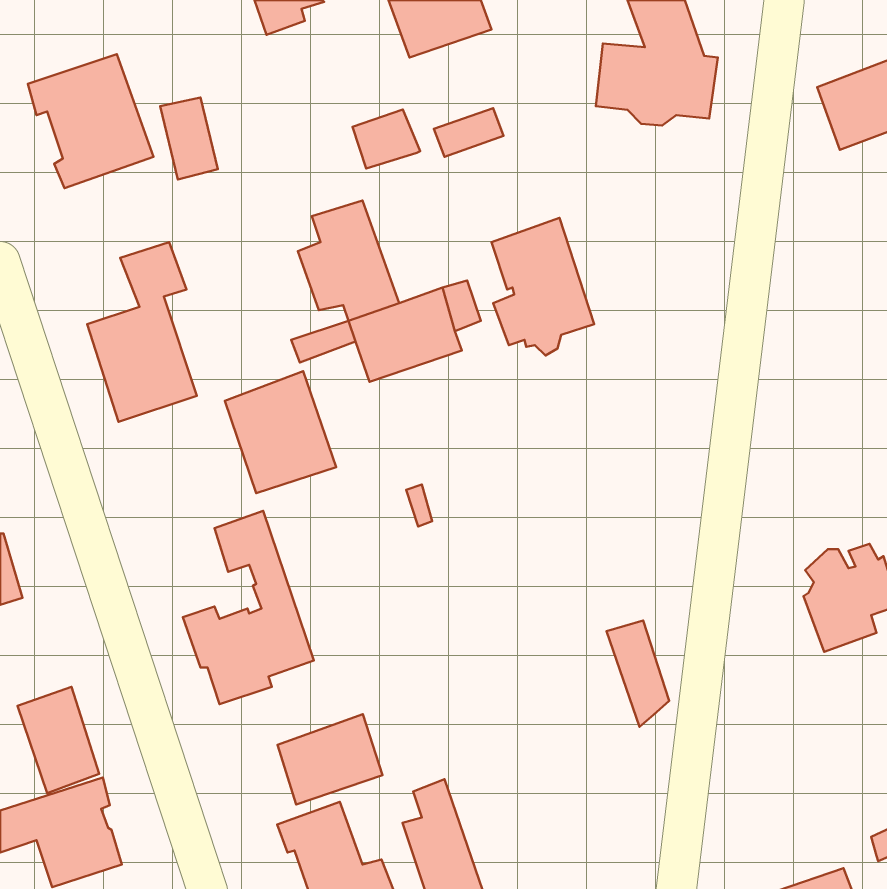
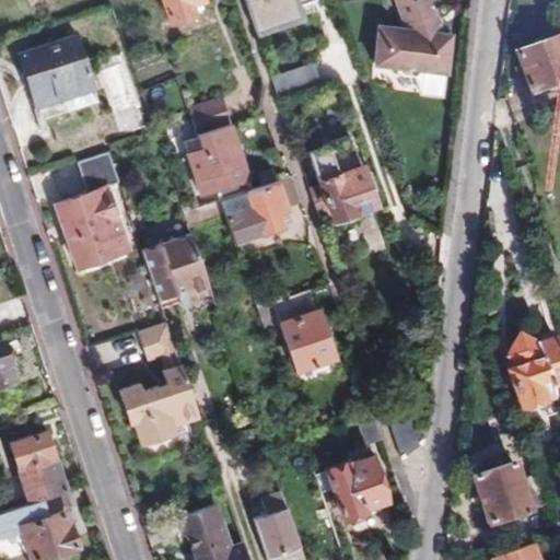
building: [352,109,420,169] -> [189,100,232,137]
building: none -> [275,291,337,371]
building: [278,714,383,804] -> none
building: none -> [314,458,384,520]
building: none -> [469,466,541,526]

